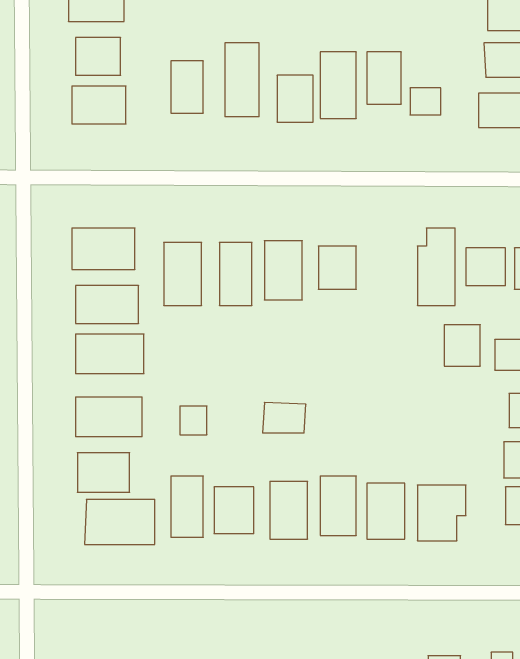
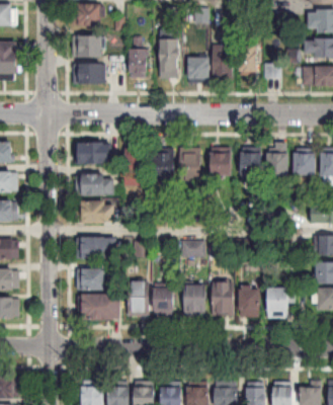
building: [444,325,480,366] -> [240,152,260,175]

